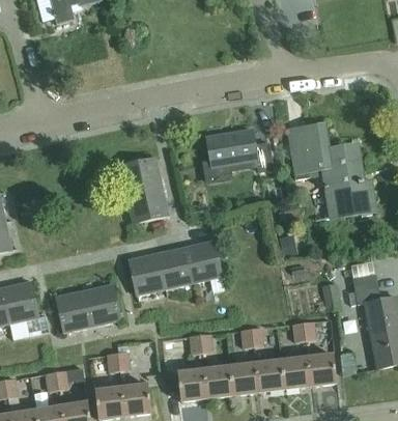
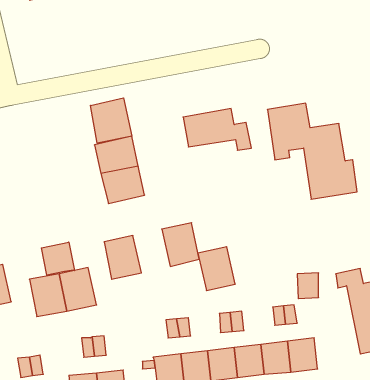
building: none -> [90,98,132,143]
building: [157,247,193,289] -> [198,247,235,291]
building: none -> [41,242,74,275]

